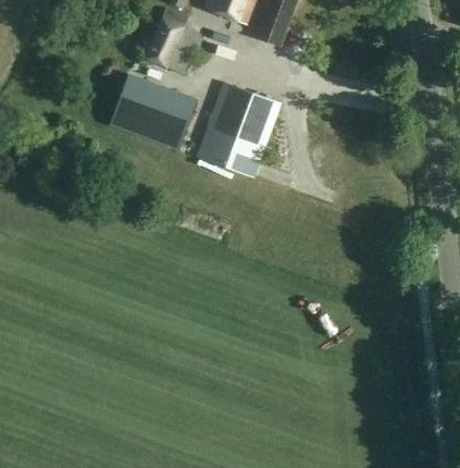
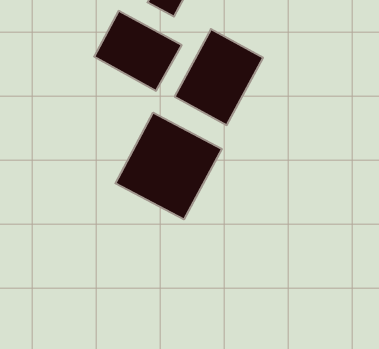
building: none -> [115,113,222,219]

